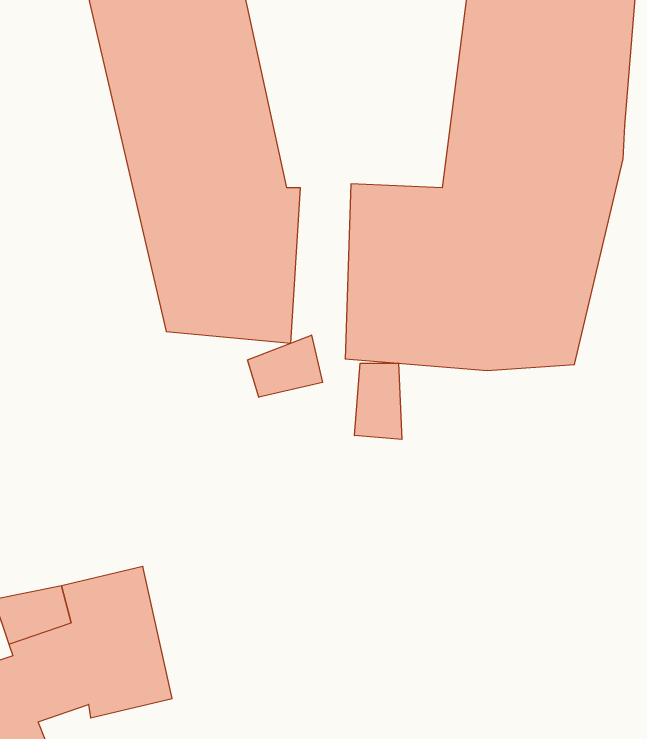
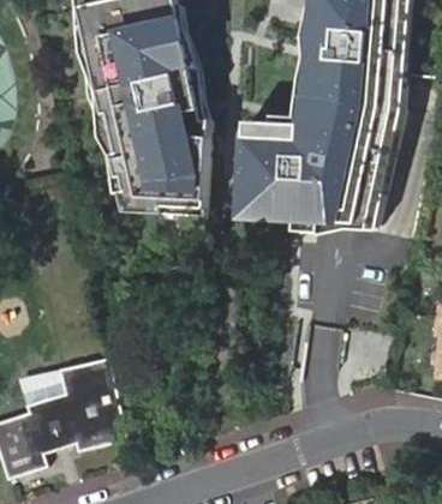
building: [247,335,323,397] -> none
building: [355,363,402,439] -> none

